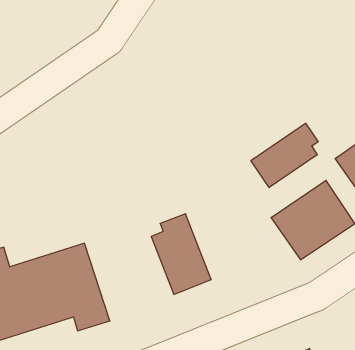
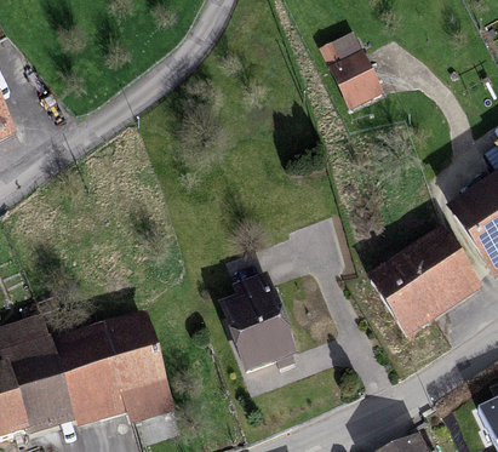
building: none -> [321,38,382,111]
building: [251,123,318,188] -> none

